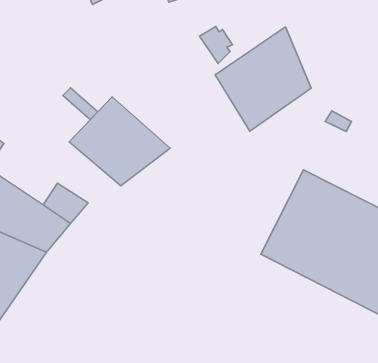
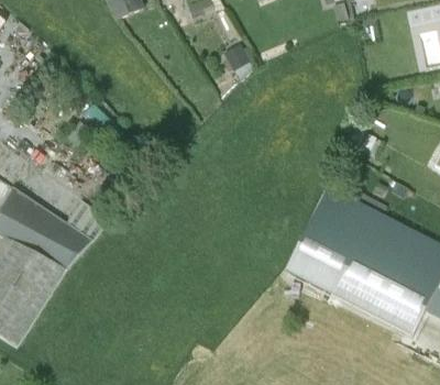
building: [215,27,311,131] -> none
building: [69,97,170,186] -> none

